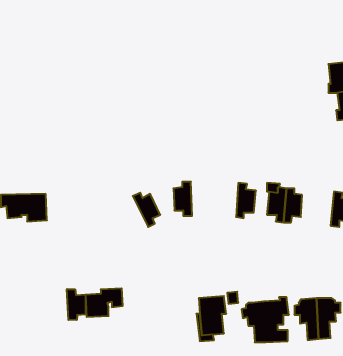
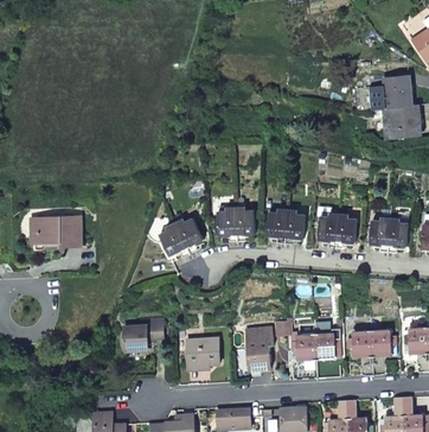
building: none -> [235,203,254,241]
building: none -> [265,205,286,242]
building: none -> [367,215,389,252]
building: none -> [158,220,188,256]
building: [67,289,85,320] -> none
building: none -> [184,338,217,366]

